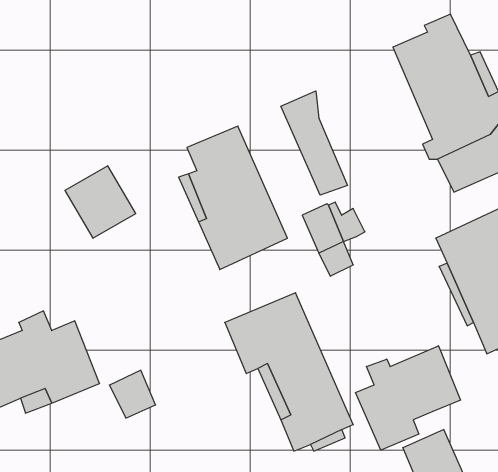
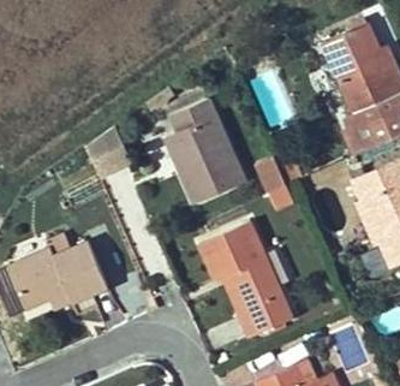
building: [281,91,347,195] -> none
building: [356,346,461,450] -> none

